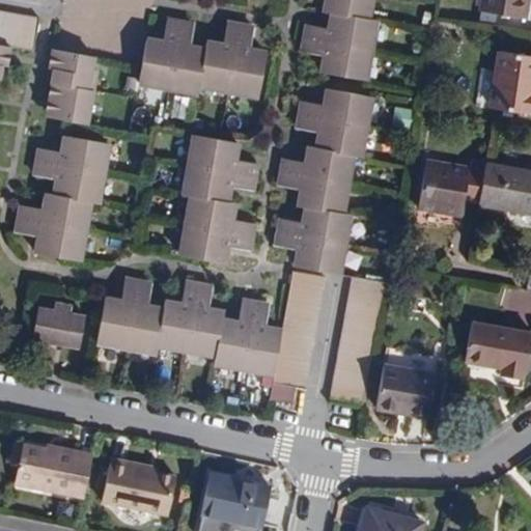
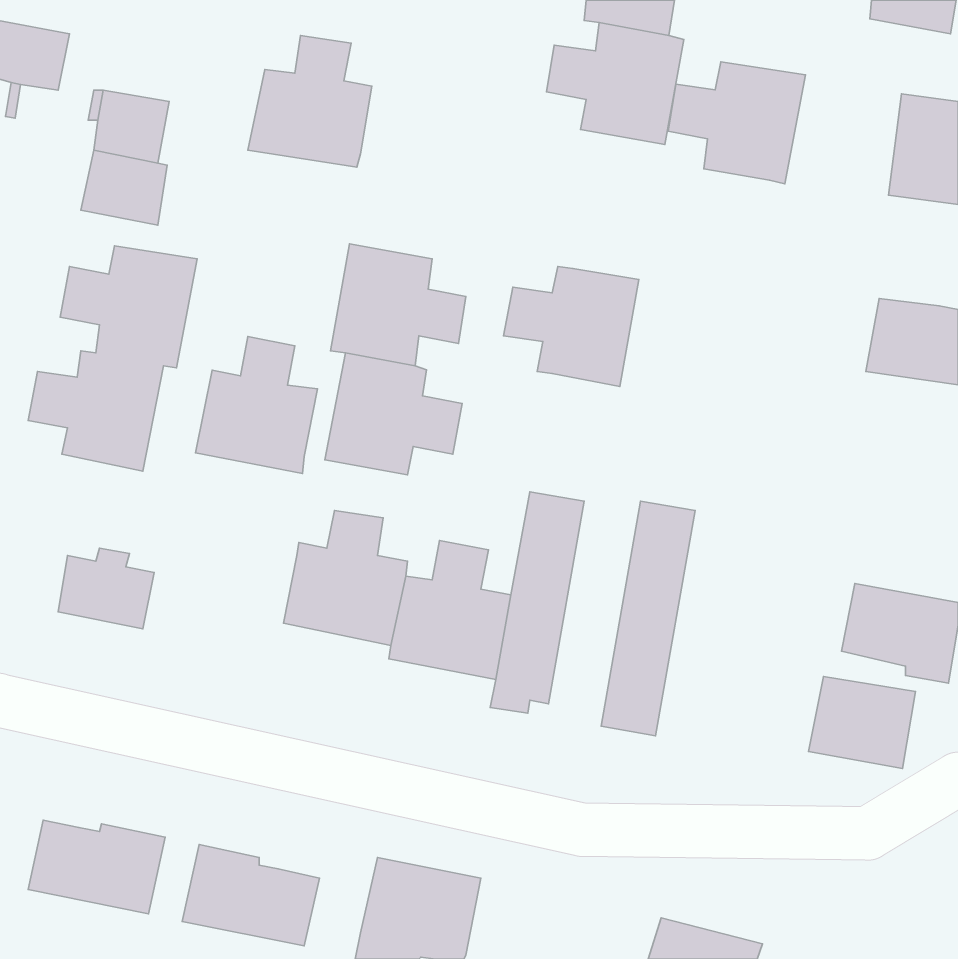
building: [199,23,267,95] -> none
building: [297,89,372,157] -> [668,62,805,184]
building: [417,162,485,215] -> none
building: [275,206,351,274] -> none
building: [96,278,164,354] -> [195,336,317,473]
building: [375,366,435,417] -> [808,676,916,768]

